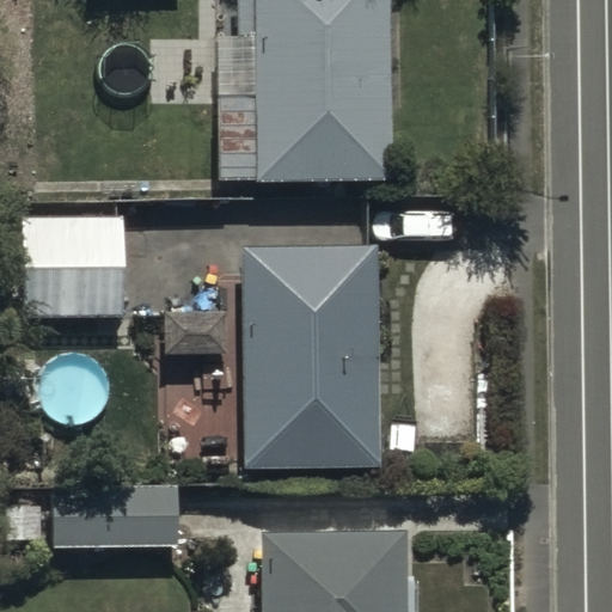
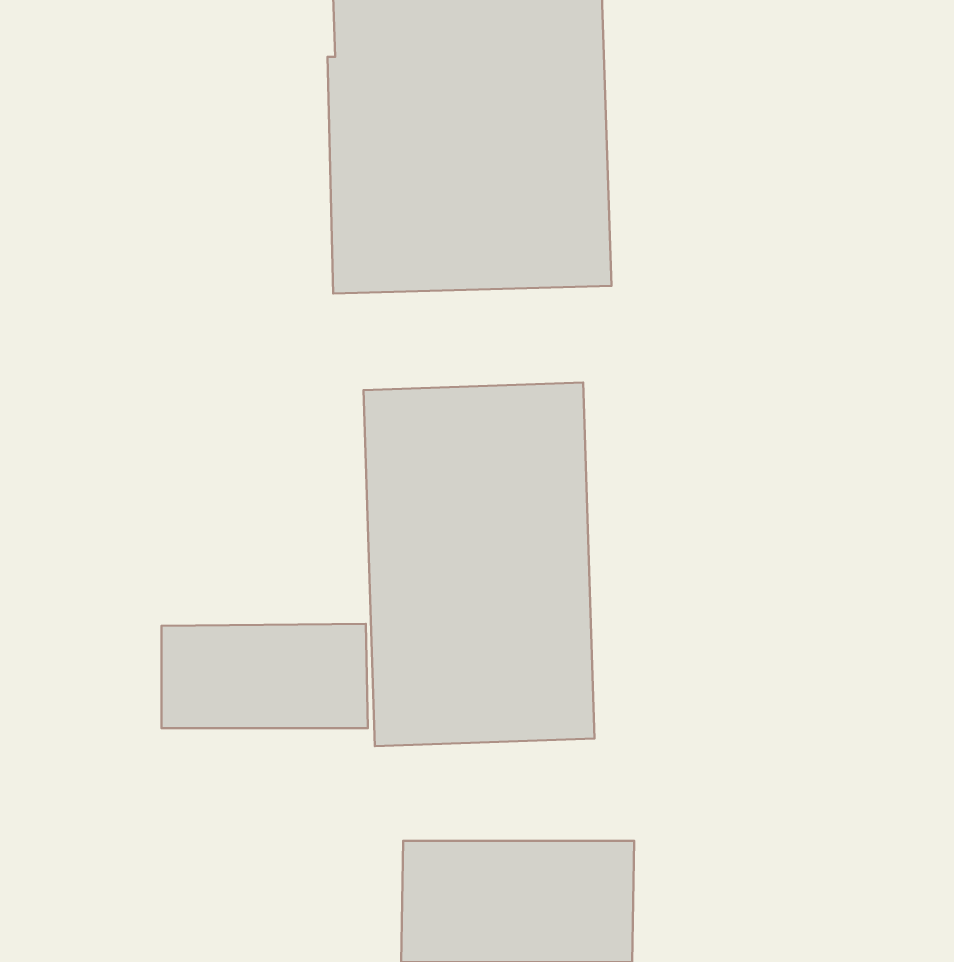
building: [22,216,126,317] -> none
building: [53,483,183,549] -> [161,624,368,728]

